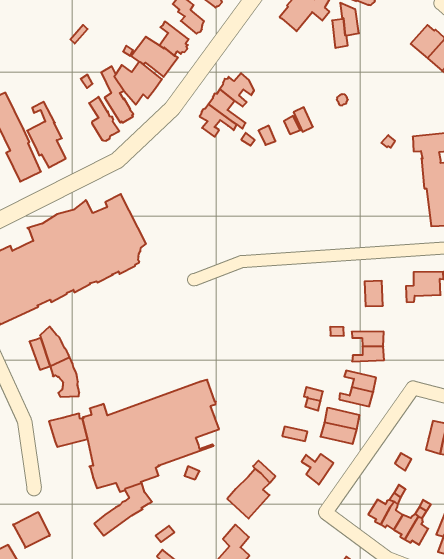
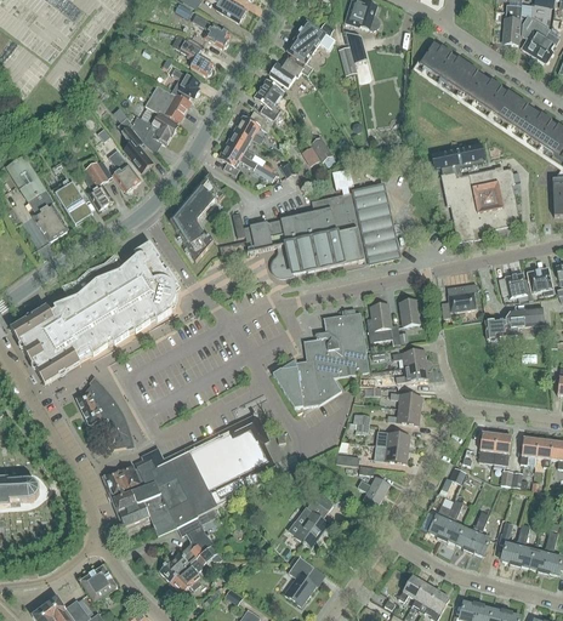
building: none -> [269,52,312,86]
building: none -> [254,79,283,120]
building: none -> [81,159,113,210]
building: none -> [170,173,224,261]
building: none -> [243,167,398,277]
building: none -> [366,303,400,346]
building: none -> [272,308,369,408]
building: none -> [114,488,152,525]
building: none -> [170,545,217,592]

